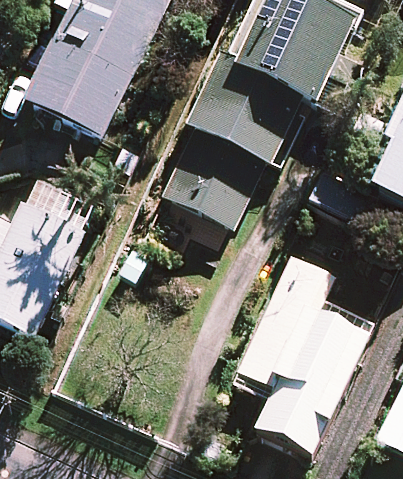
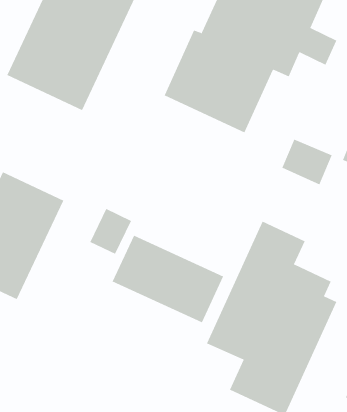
building: [162,148,253,226] -> none
building: none -> [112,235,224,323]

